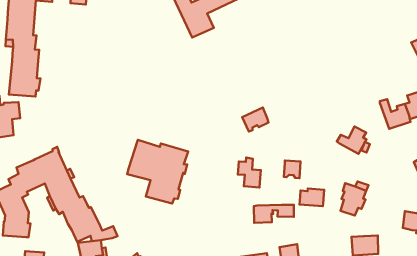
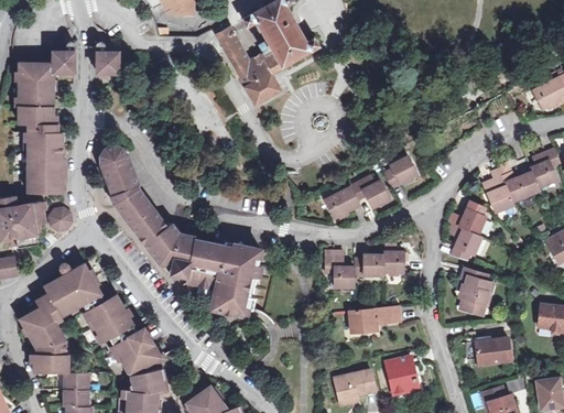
building: none -> [100,144,195,276]
building: none -> [383,156,416,188]
building: none -> [350,176,390,208]
building: none -> [482,170,513,213]
building: none -> [48,205,75,230]
building: none -> [447,225,480,261]
building: [300,188,324,206] -> [354,254,383,275]
building: none -> [63,372,90,390]

